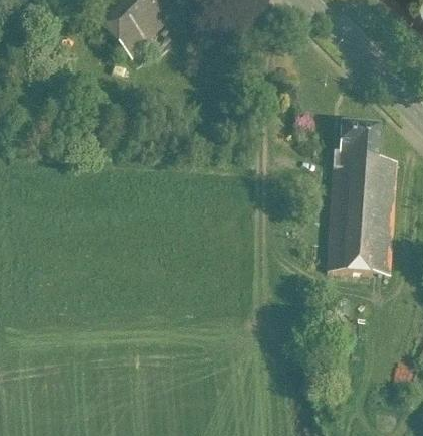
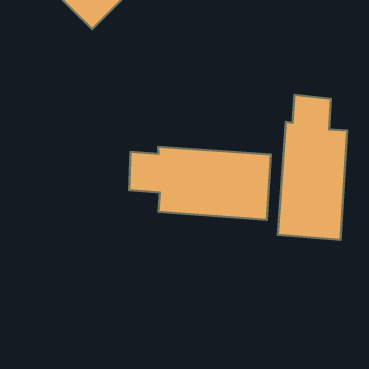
building: none -> [129,147,271,220]

